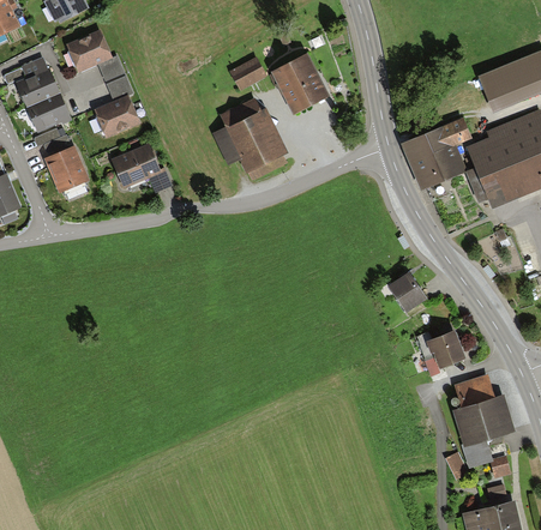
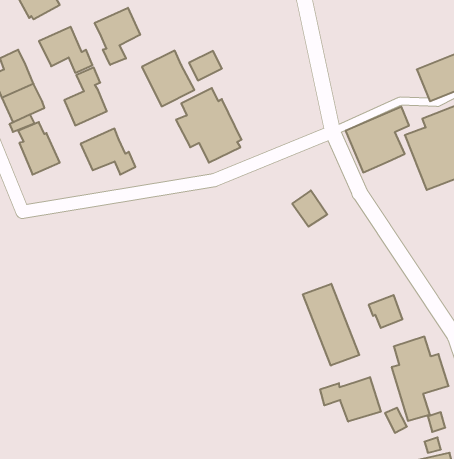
building: none -> [95,8,140,65]
building: [271,56,329,118] -> [142,51,194,106]
building: [387,266,426,306] -> [292,190,327,227]
building: none -> [303,284,359,366]
building: none -> [320,377,381,422]

